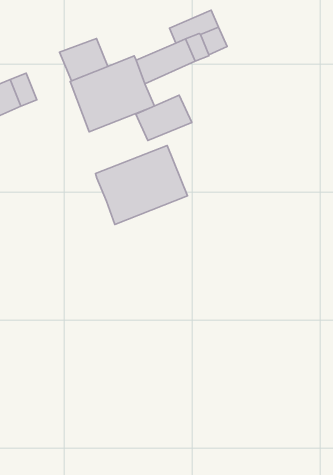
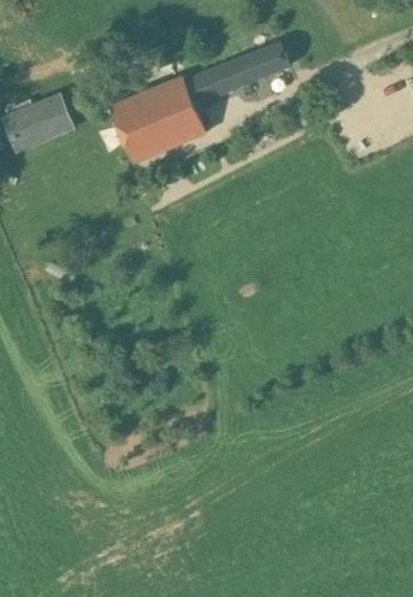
building: [59,39,108,81] -> none
building: [136,95,192,141] -> none
building: [95,146,188,224] -> none

